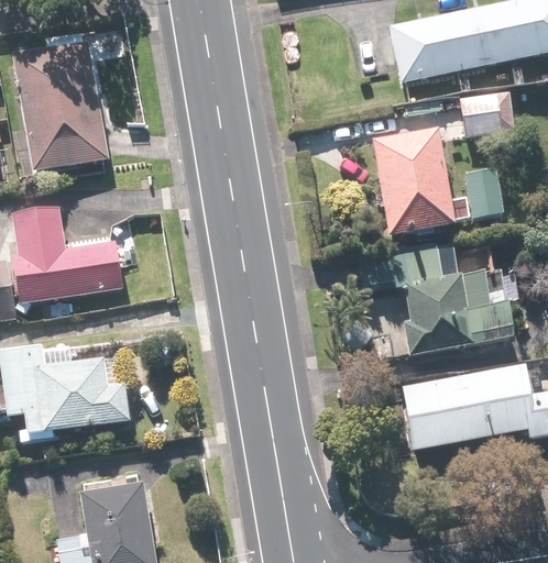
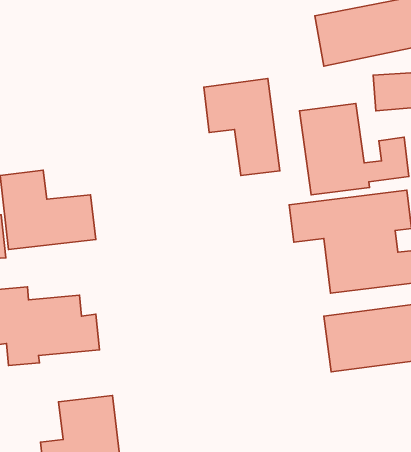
building: [15,43,110,172] -> none
building: none -> [204,79,280,176]

